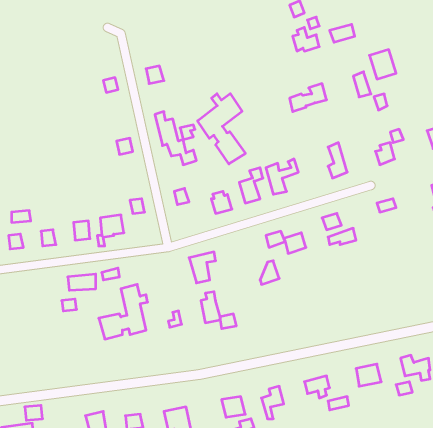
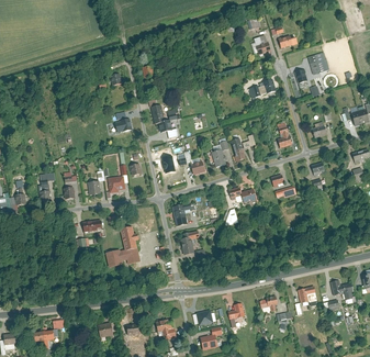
building: [198,94,245,164] -> none

